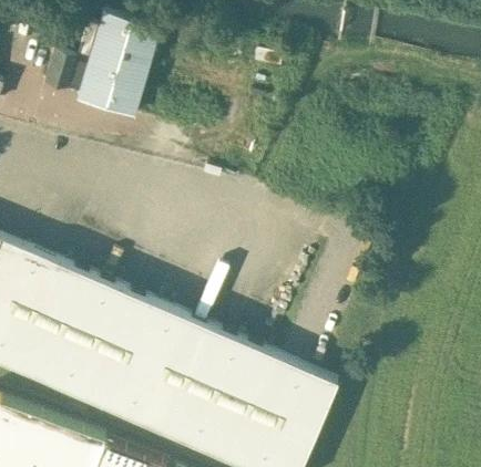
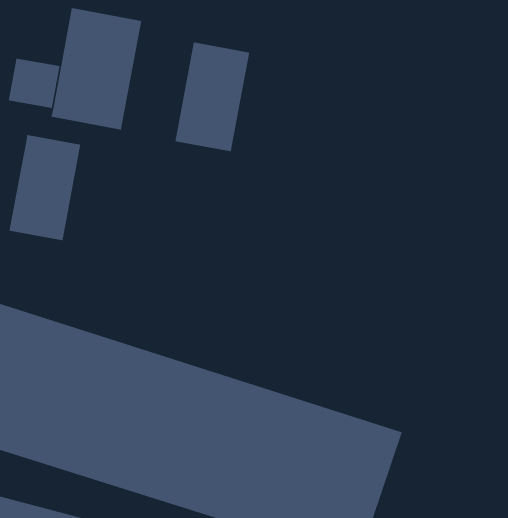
building: none -> [174,42,250,152]
building: none -> [8,134,81,241]

